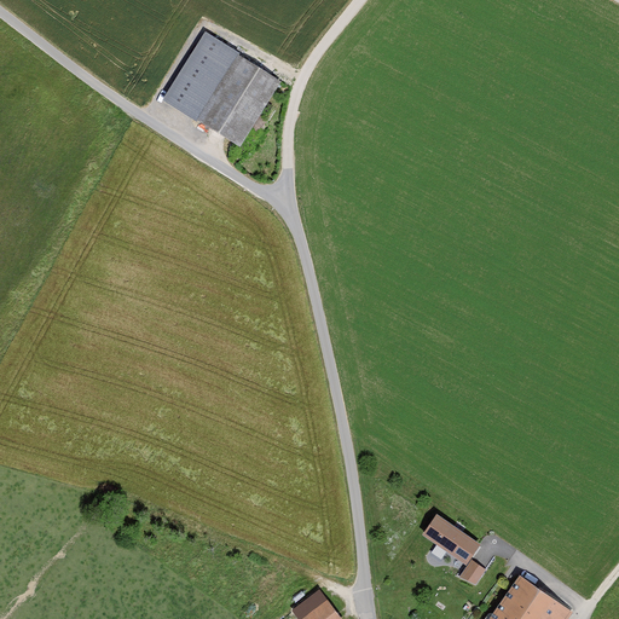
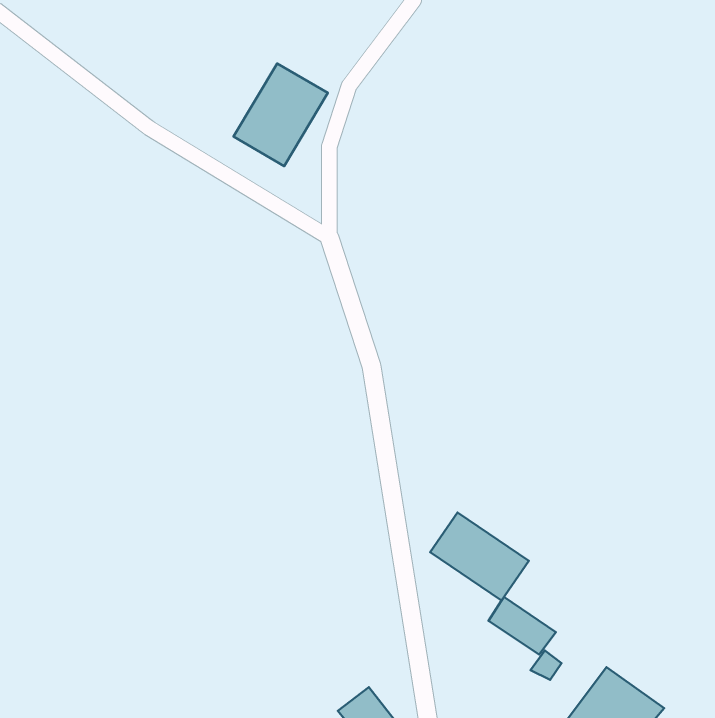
building: [167,33,238,118] -> none
building: none -> [430,513,529,600]

